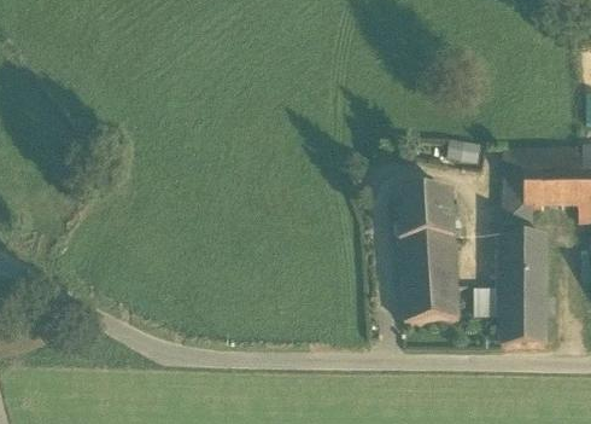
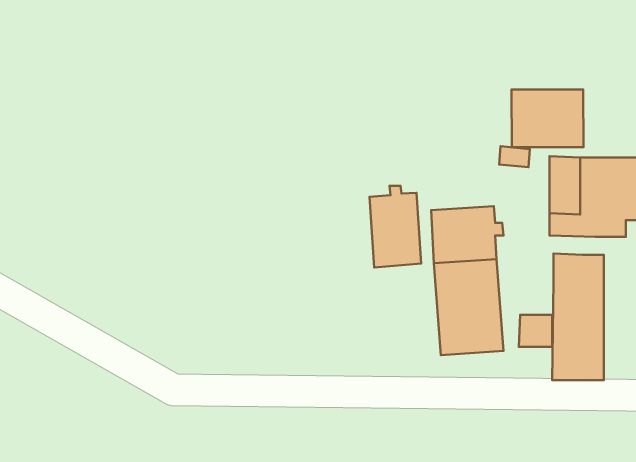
building: none -> [511,89,583,147]
building: none -> [370,186,421,268]

